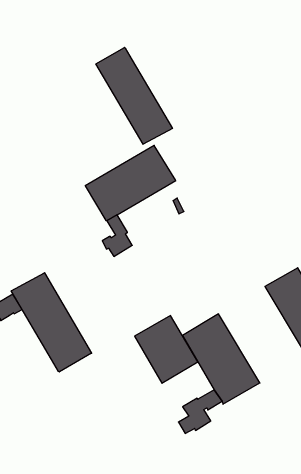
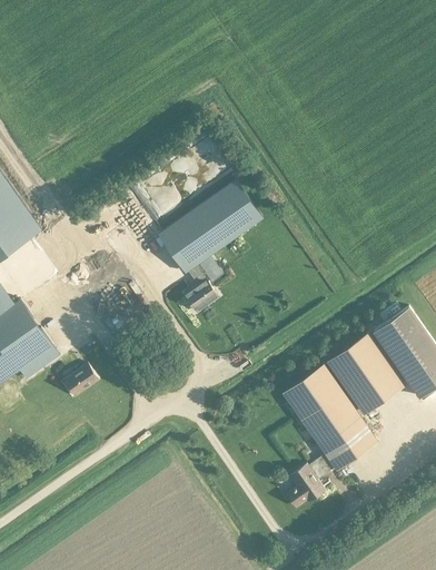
building: [96,47,172,144] -> none
building: [11,273,92,372] -> none
building: [135,316,198,383] -> [328,335,403,413]

